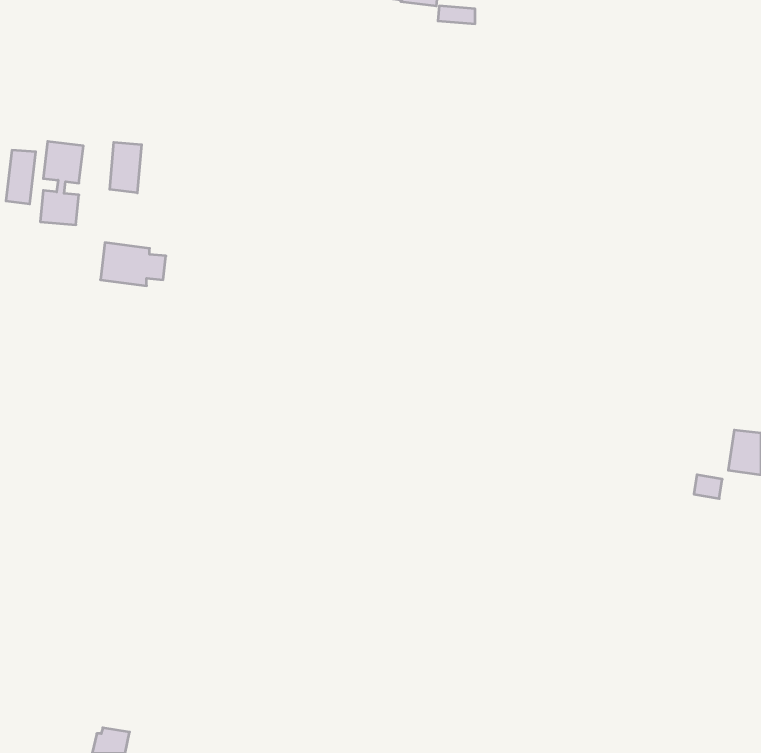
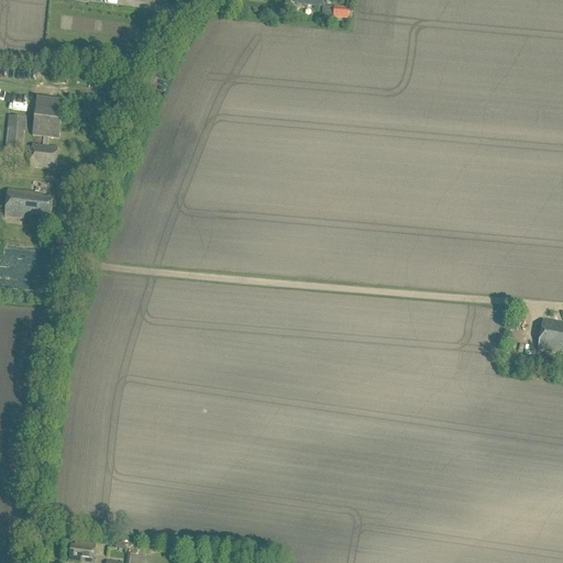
building: [110,142,142,193] -> none
building: [100,243,166,286] -> [4,186,53,218]

